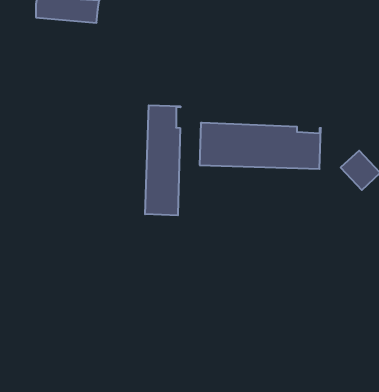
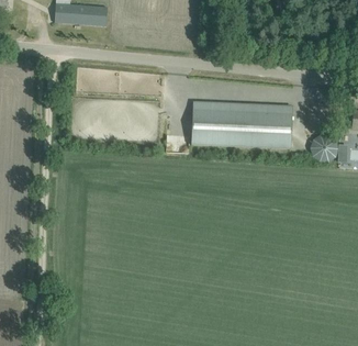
building: [145,105,180,215] -> none

